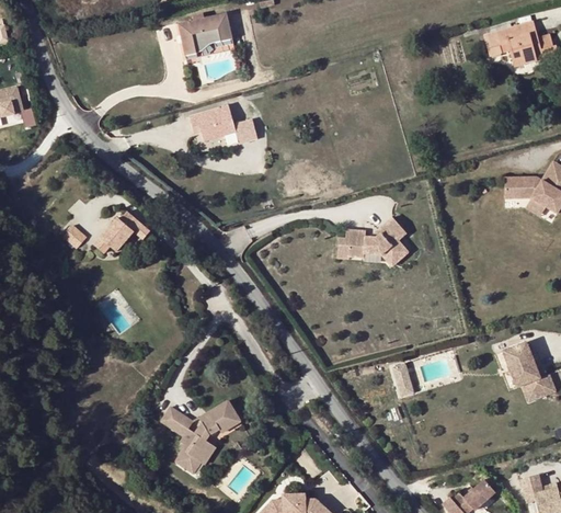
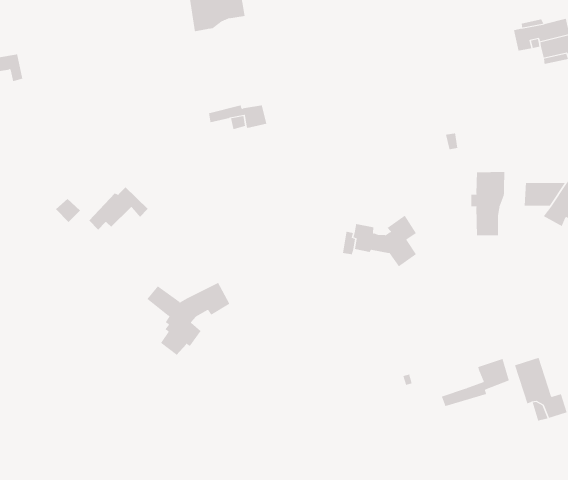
building: [191,107,232,134] -> none
building: none -> [471,171,505,236]
building: none -> [441,358,510,407]
building: [162,396,241,467] -> [146,282,230,355]

